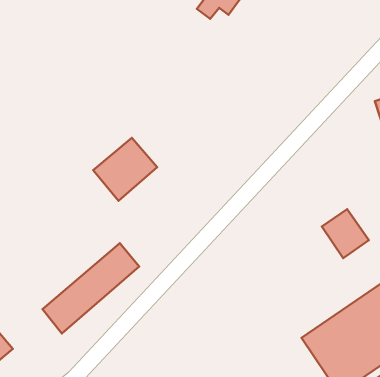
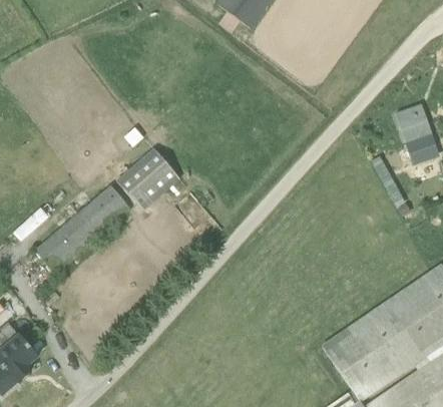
building: [322,209,369,258] -> none
building: [43,243,139,333] -> [35,186,130,276]

